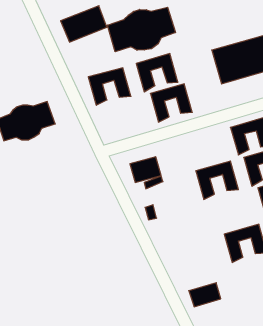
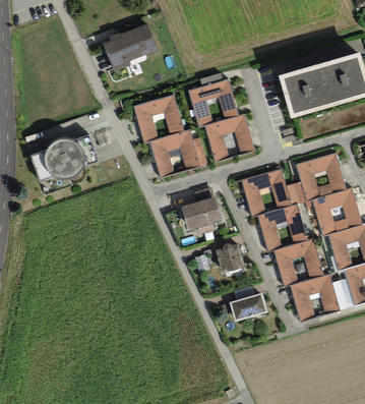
building: [108,7,175,52] -> none
building: none -> [149,131,198,174]
building: none -> [242,169,290,213]
building: none -> [273,240,322,284]
building: none -> [217,245,243,271]
building: [189,283,221,307] -> [229,294,265,322]

